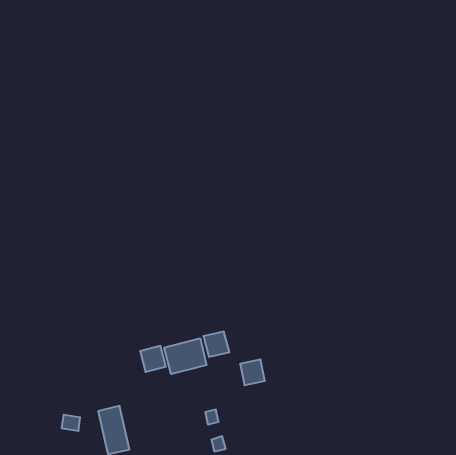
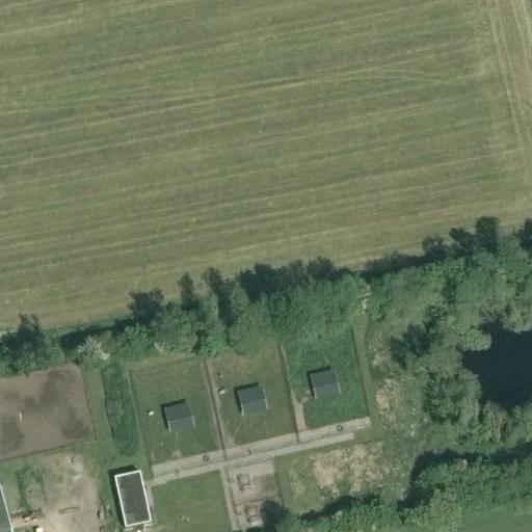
building: [164,338,207,374] -> none
building: [240,359,265,385] -> [310,369,339,399]

